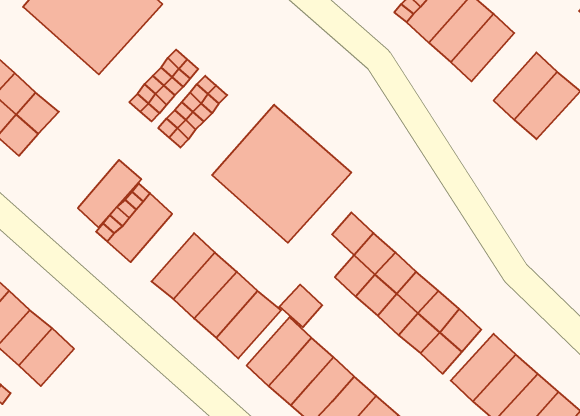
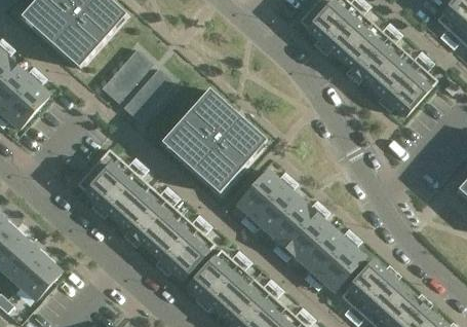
building: none -> [356,37,404,87]
building: [78,160,141,228] -> [103,172,150,222]
building: [279,285,322,327] -> [237,187,269,219]

